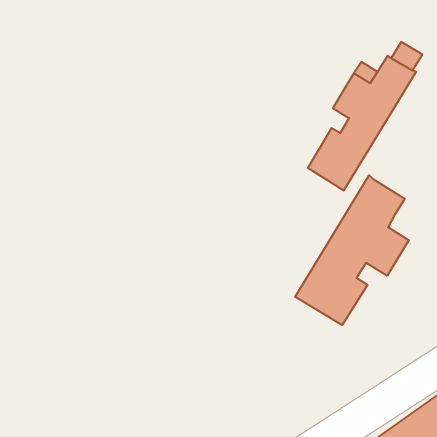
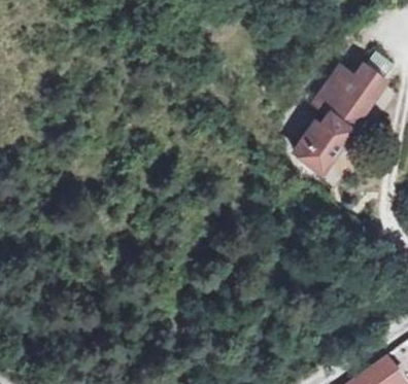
building: [295,175,409,325] -> none

